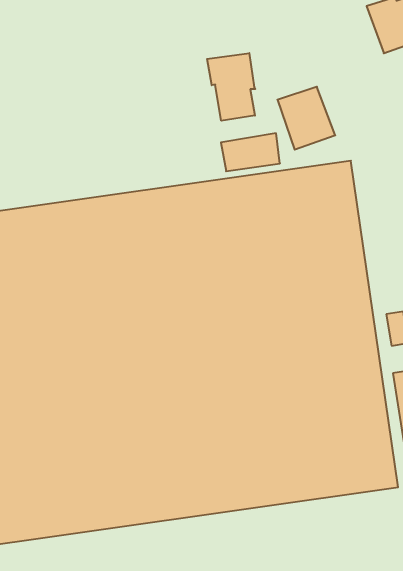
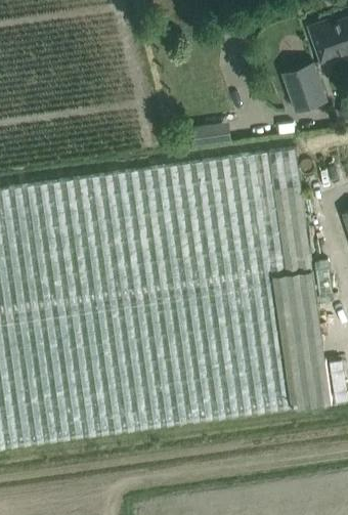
building: [207,53,255,121] -> none
building: [277,87,335,150] -> [280,62,325,112]

